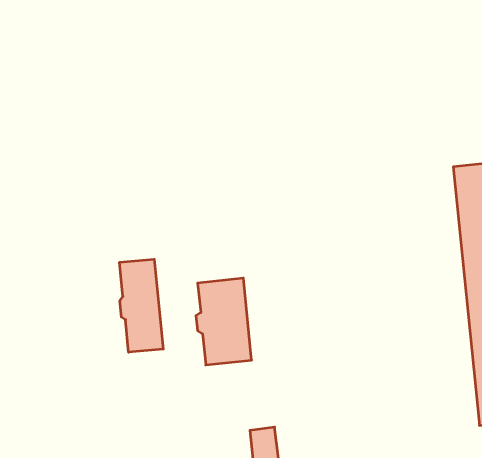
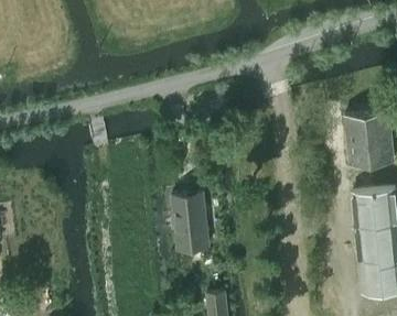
building: [120,259,163,352] -> none

